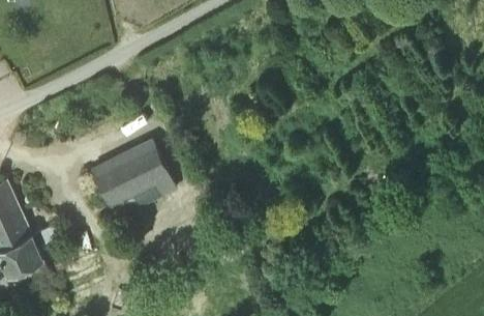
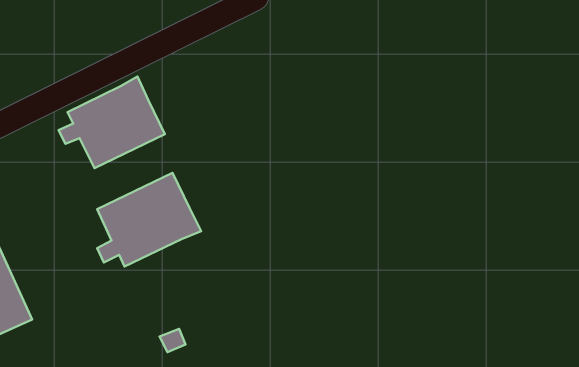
building: none -> [58,77,165,168]

